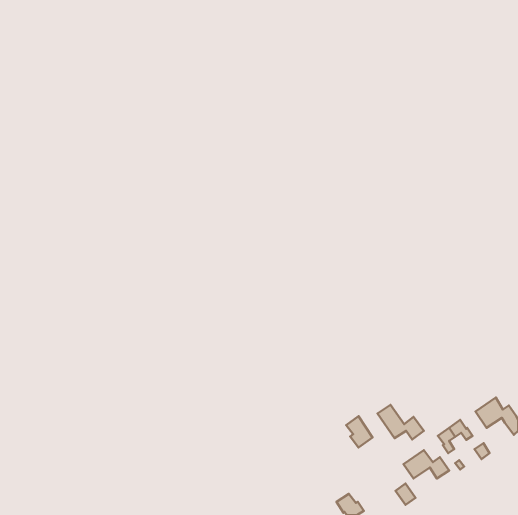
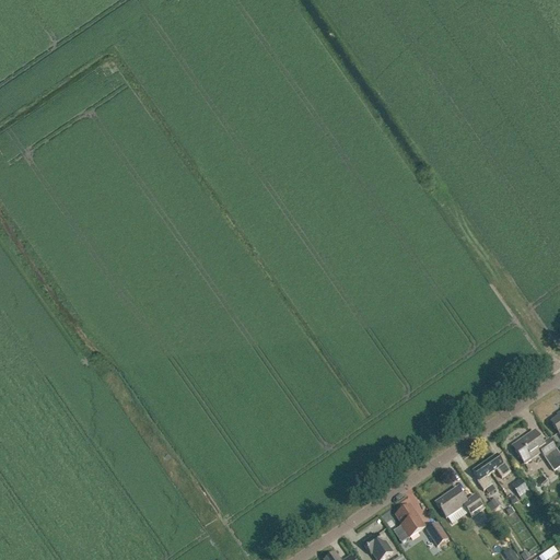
building: [377,405,424,439] -> none
building: [346,416,373,448] -> [396,503,424,537]

